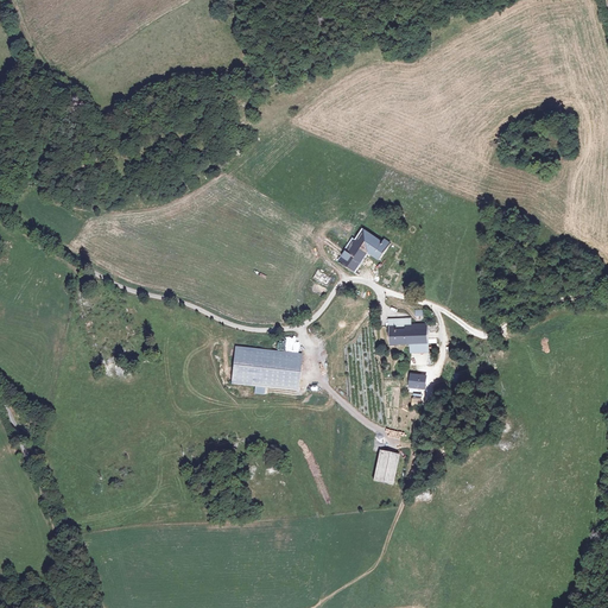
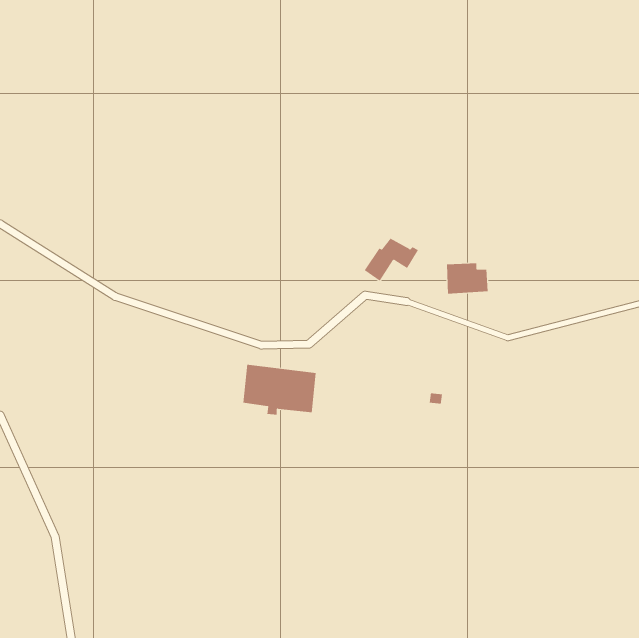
building: [388,315,429,344] -> [446,263,489,294]
building: [370,450,399,486] -> none

